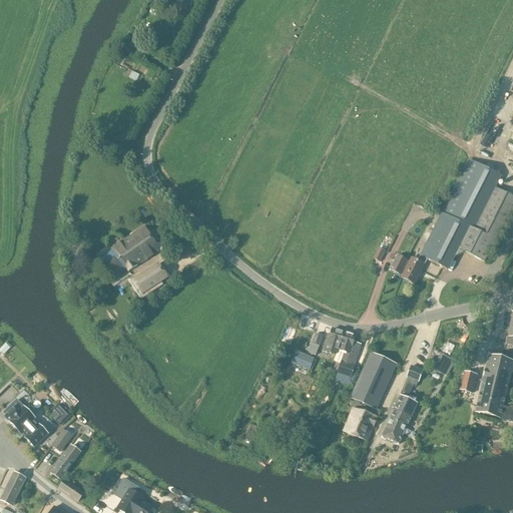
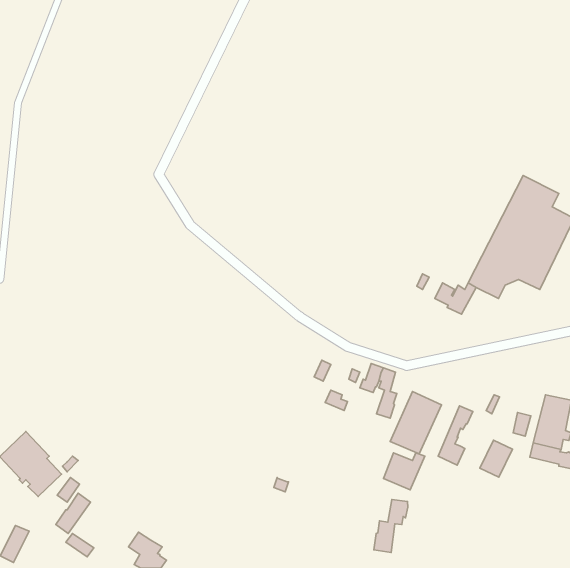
building: [99,224,161,279] -> none
building: [135,263,167,291] -> none
building: [382,409,411,442] -> [480,440,512,477]
building: none -> [374,499,408,552]

